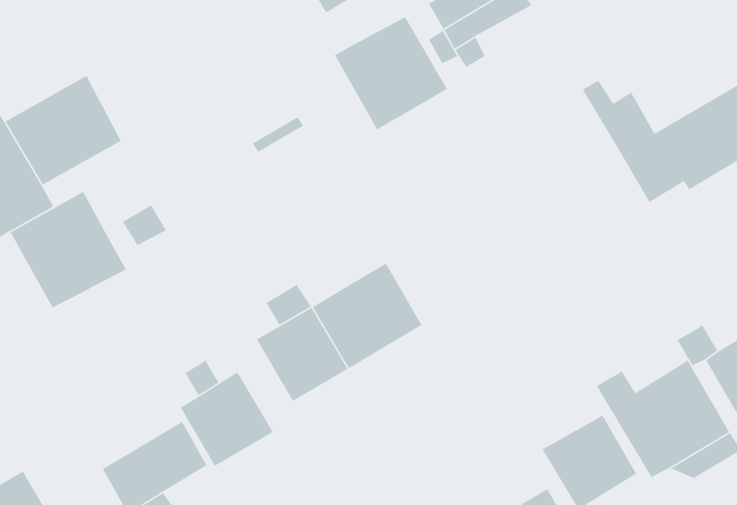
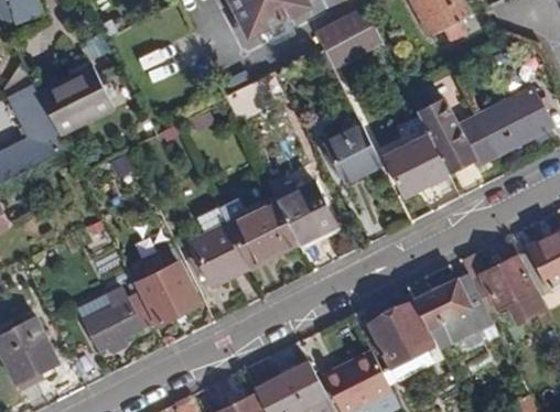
building: [334,16,448,131] -> none
building: none -> [329,126,375,177]
building: none -> [385,133,449,194]
building: [10,191,127,308] -> none
building: none -> [277,181,335,243]

